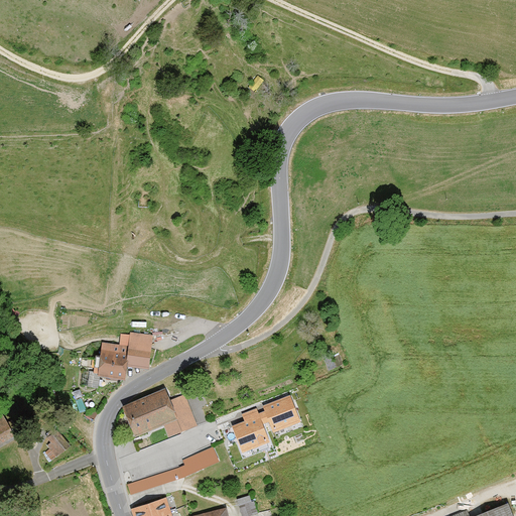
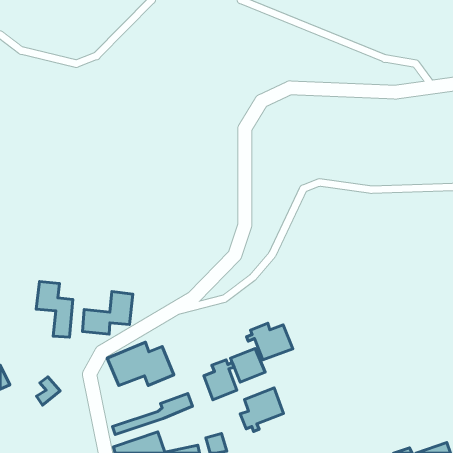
building: none -> [36,282,73,337]
building: none -> [247,323,293,360]
building: none -> [240,388,283,431]

